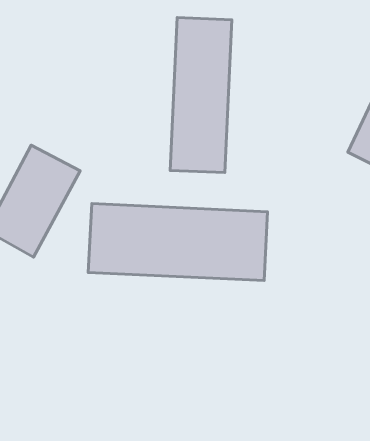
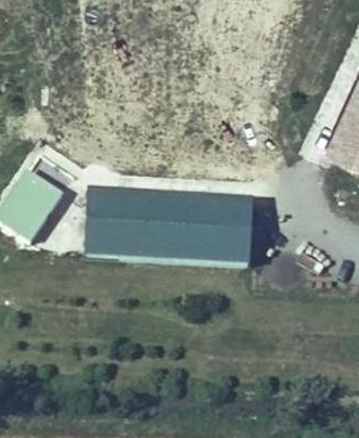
building: [170,18,232,173] -> none

